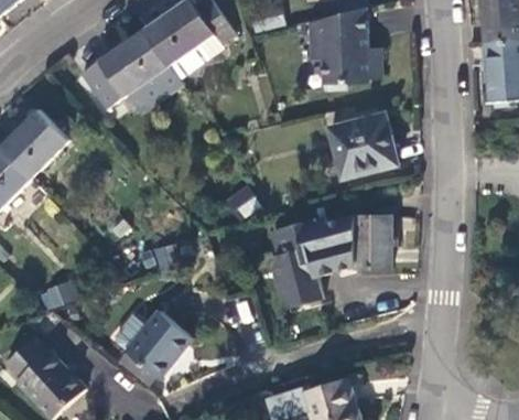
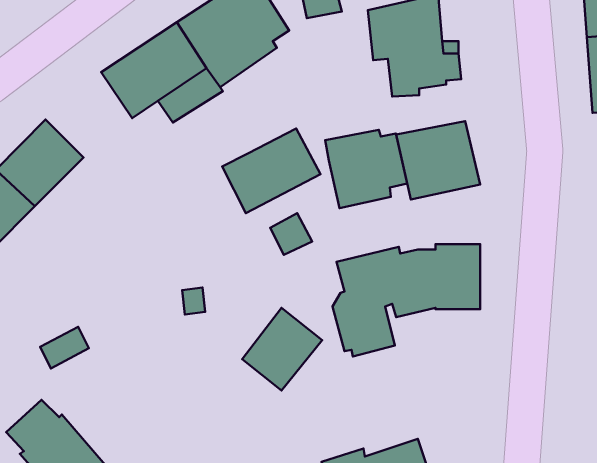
building: none -> [222,128,321,213]
building: none -> [325,130,407,208]
building: [127,311,192,378] -> [242,308,322,390]

